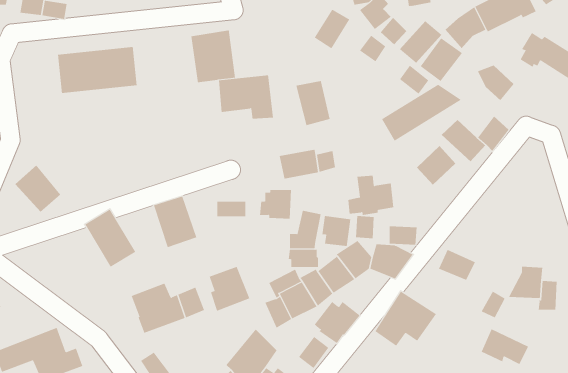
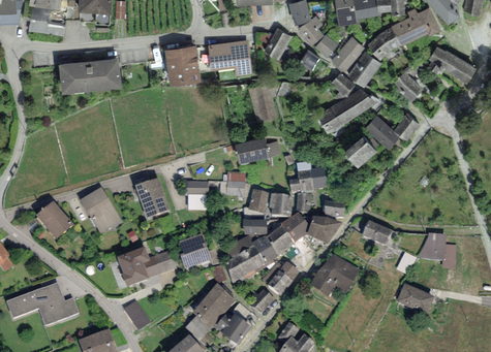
building: [218,75,274,119] -> [208,40,252,75]
building: [15,165,61,213] -> [36,199,73,237]

